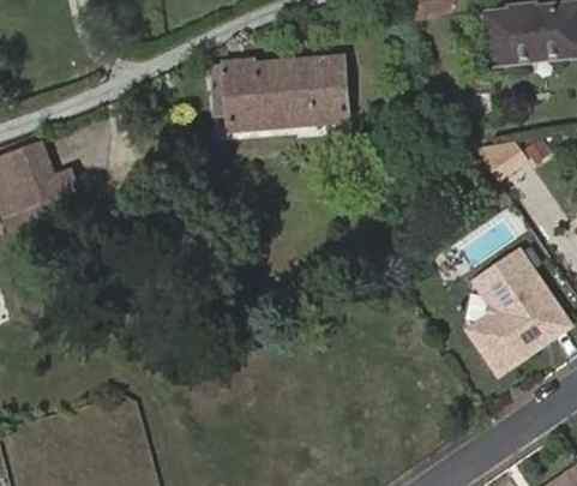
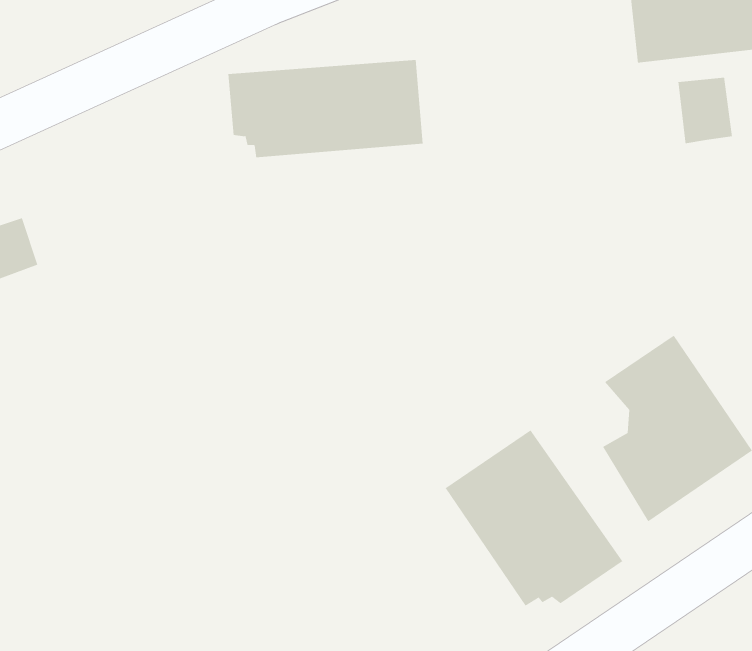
building: none -> [678,77,732,144]
building: none -> [445,430,623,607]

